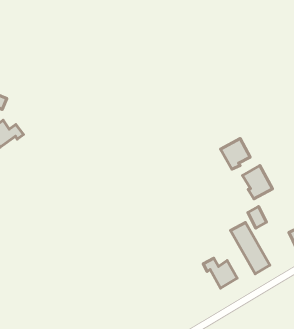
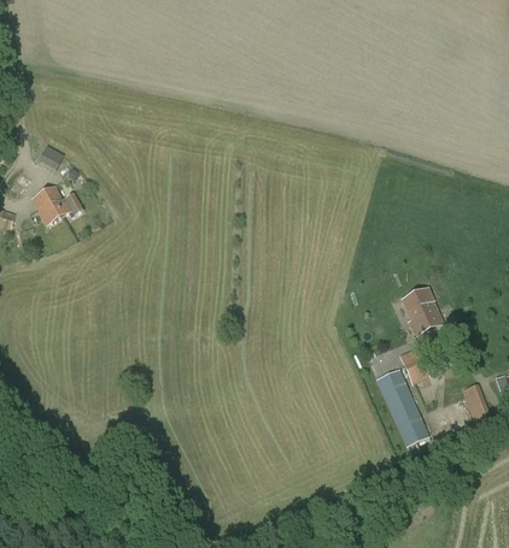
building: [220,138,250,169] -> none
building: [203,258,237,288] -> none

